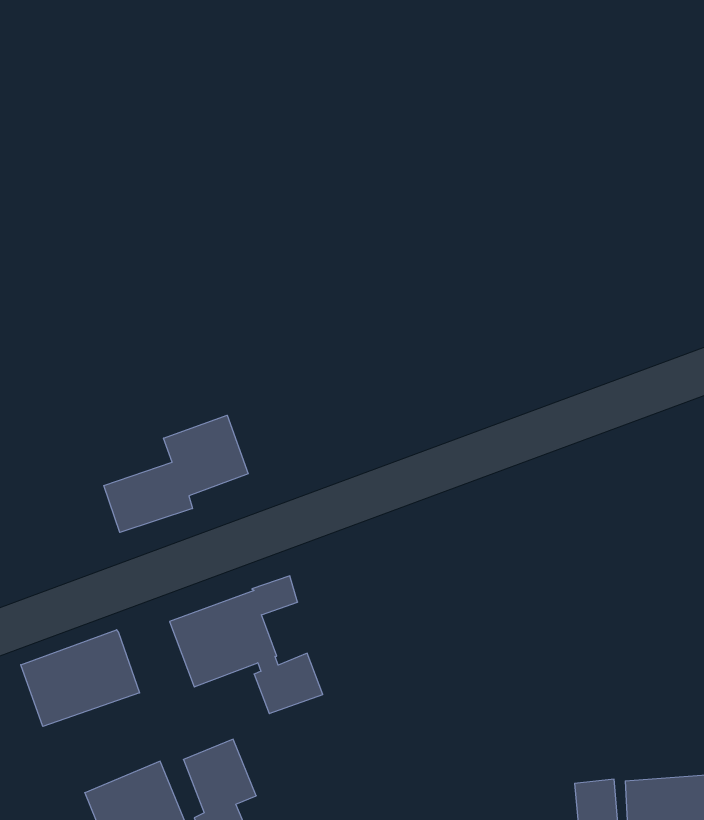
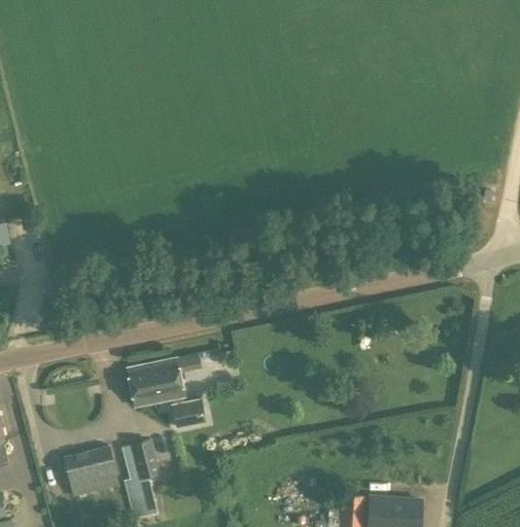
building: [104,415,248,532] -> none
building: [21,630,140,726] -> none

